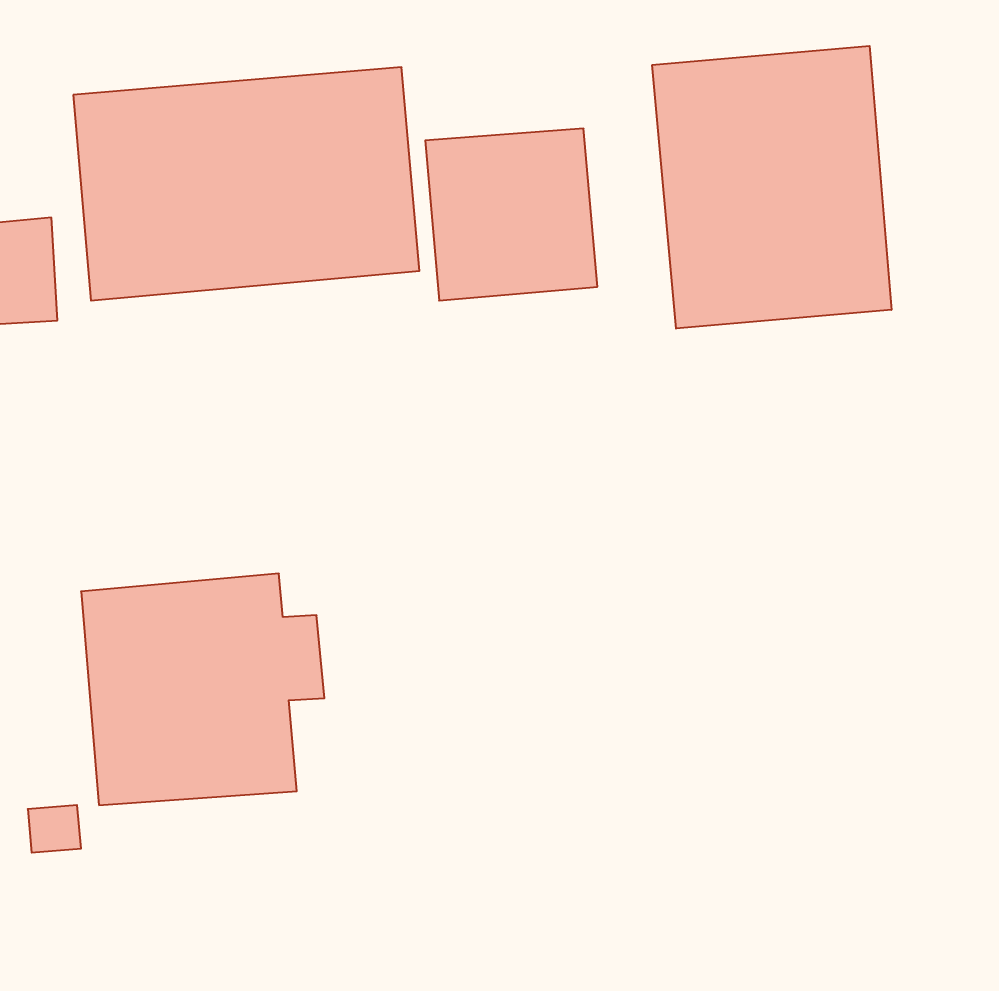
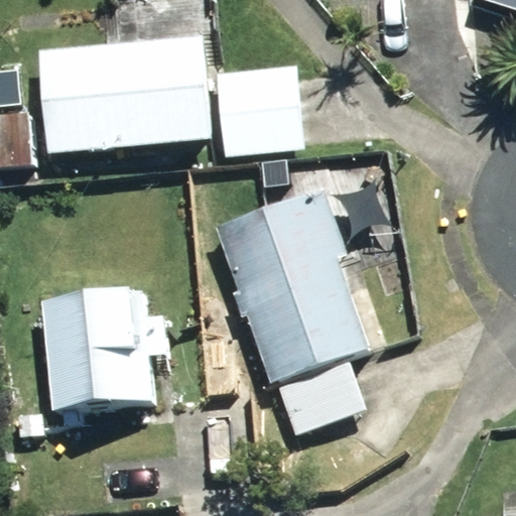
building: [652,46,891,329] -> none
building: none -> [217,192,367,382]

